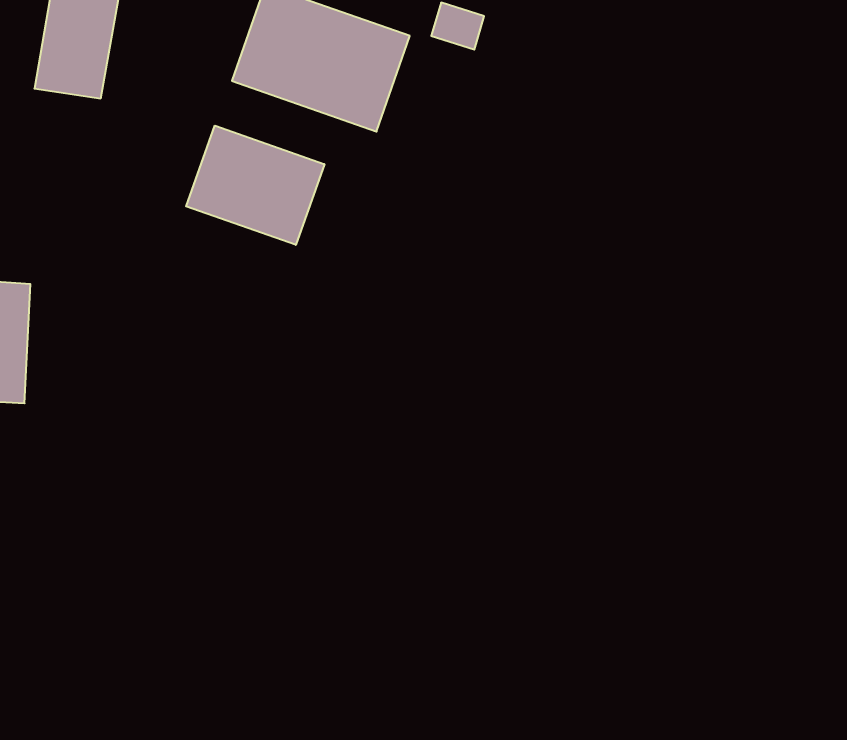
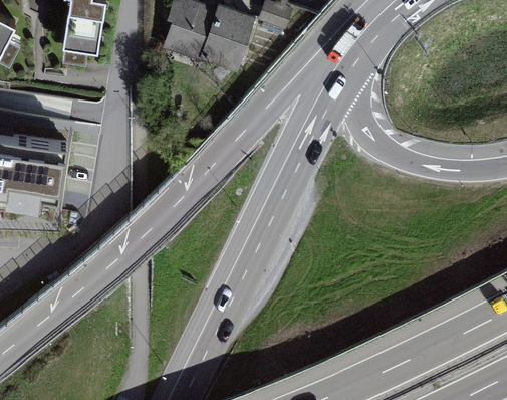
building: [186,126,324,245] -> none

